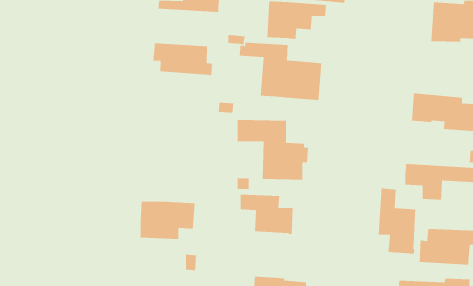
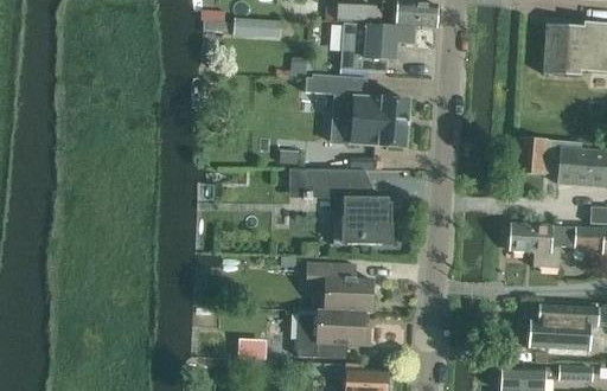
building: [153,42,213,76] -> none
building: [378,187,416,254] -> none
building: [140,201,195,240] -> [298,309,366,358]

